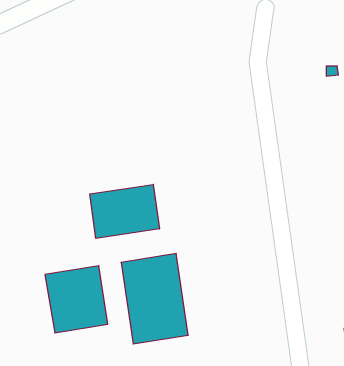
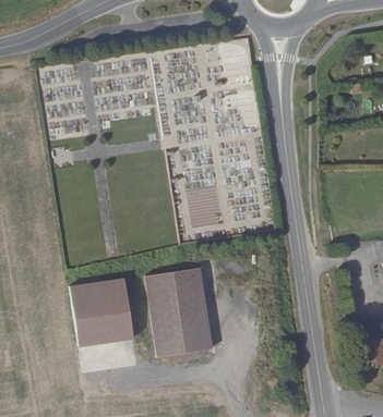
building: [90,184,159,238] -> none

